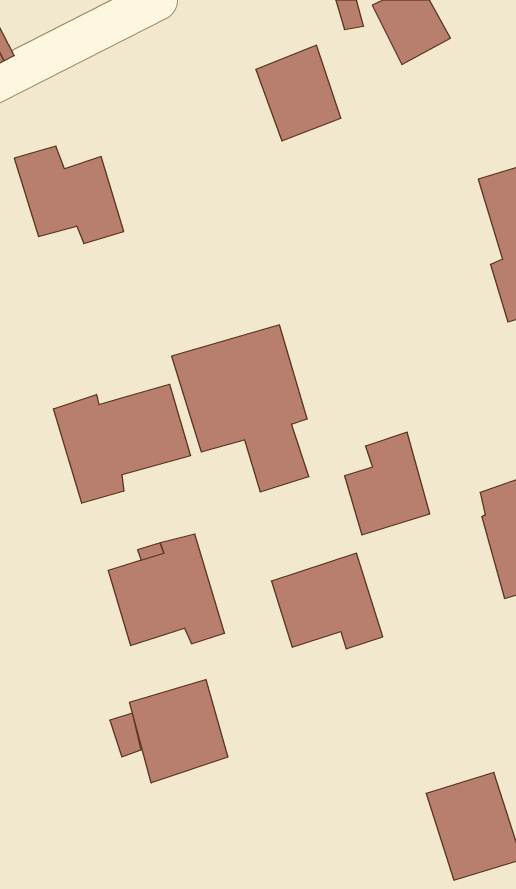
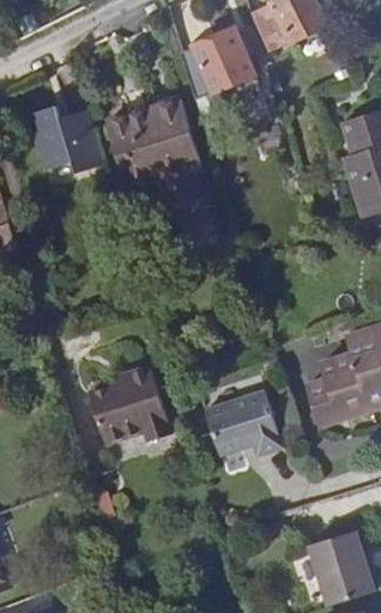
building: [172,325,309,492] -> [107,102,201,217]
building: [54,384,191,503] -> none
building: [345,432,430,535] -> [304,356,363,426]
building: [129,679,228,783] -> none

